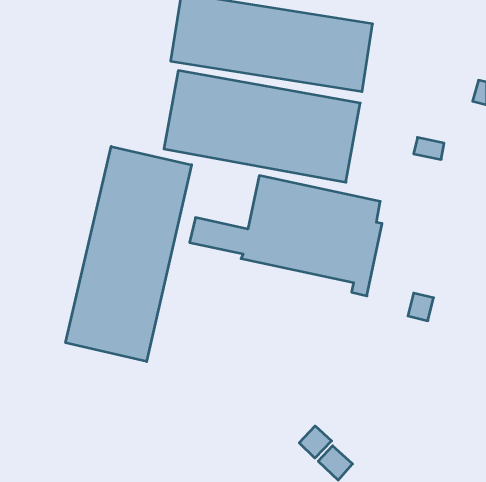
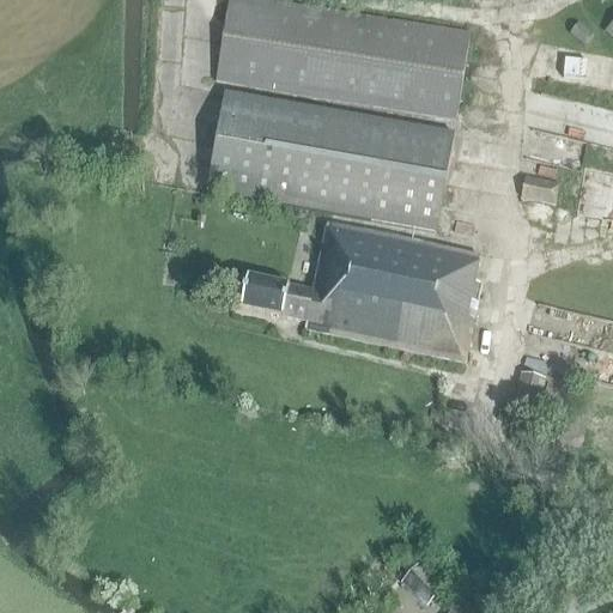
building: [66,146,192,362] -> none
building: [299,426,332,458] -> none

